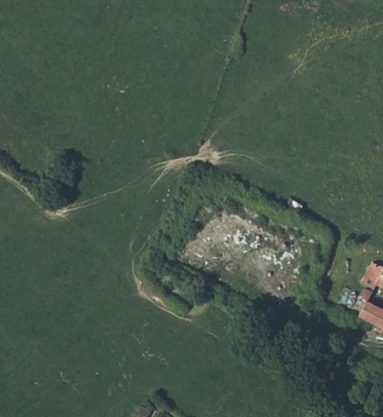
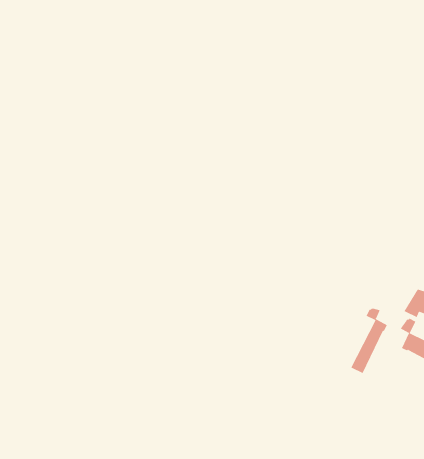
building: none -> [351,308,387,374]

